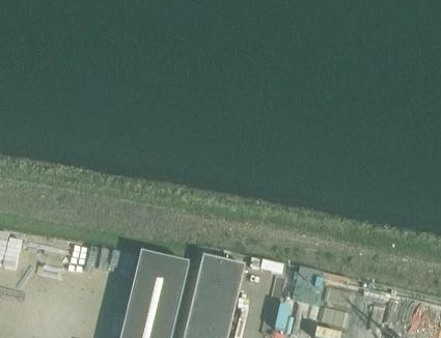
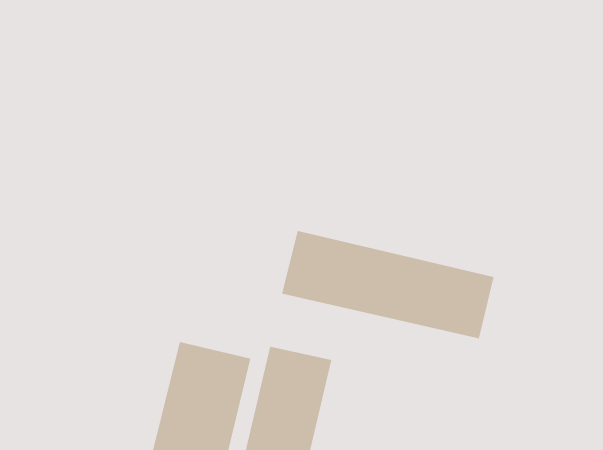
building: none -> [282,230,494,339]

